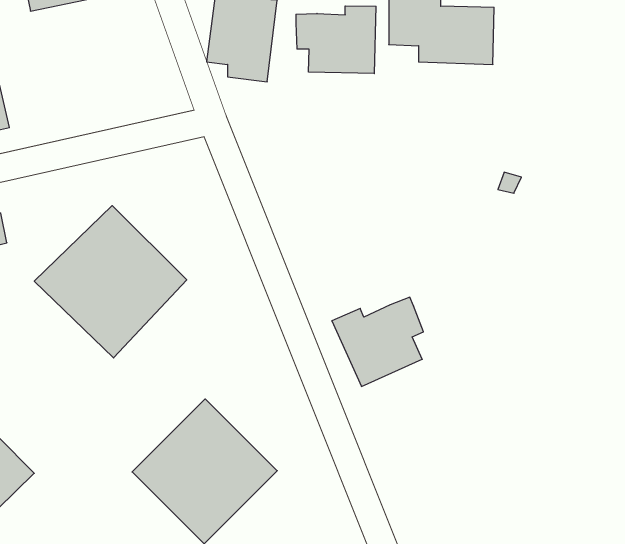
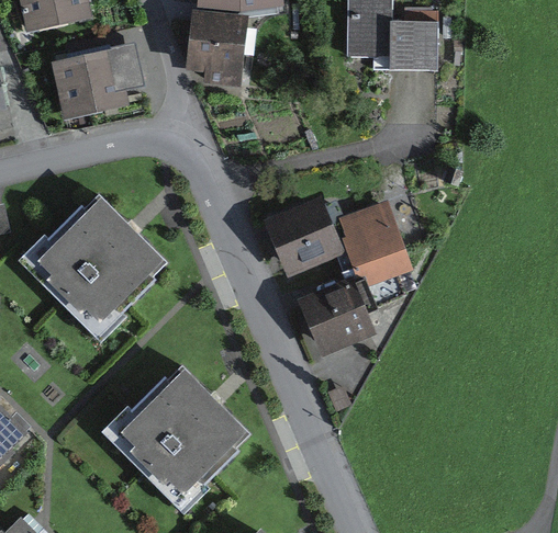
building: [296,6,376,74] -> none
building: none -> [56,49,137,112]
building: none -> [267,199,412,286]

